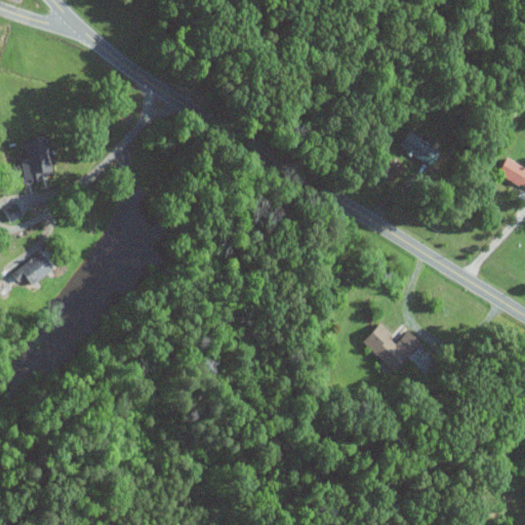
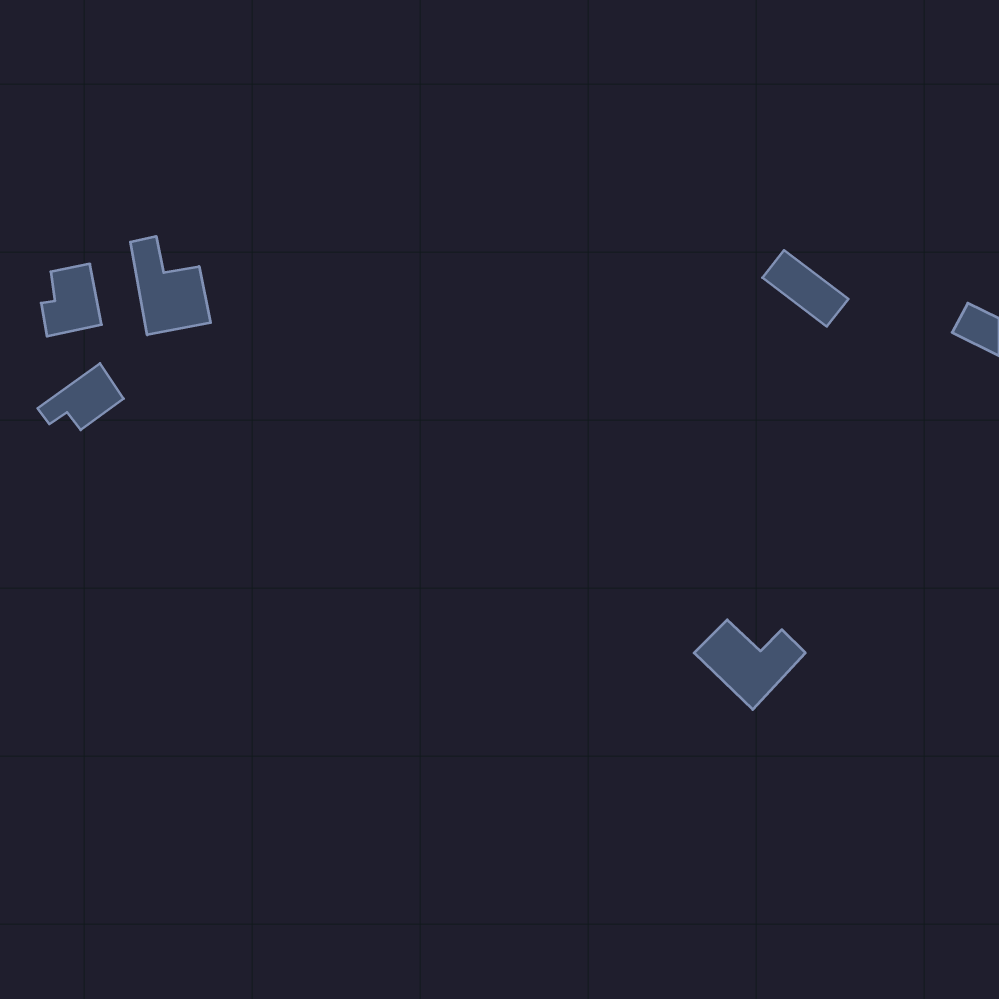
building: none -> [130,236,211,335]
building: [11,251,56,286] -> [38,363,124,430]

